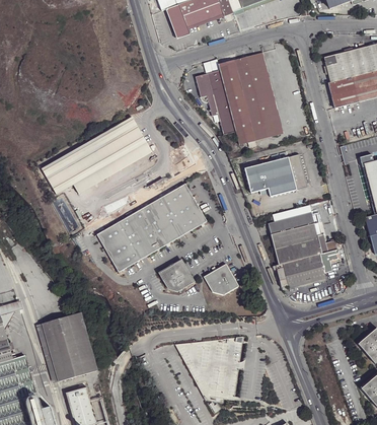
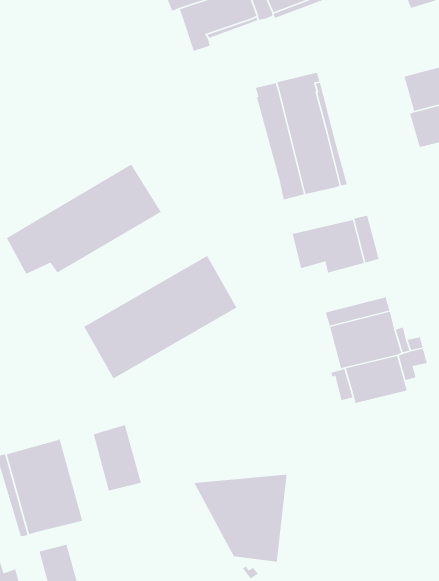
building: [196,71,235,134] -> none
building: [158,259,195,290] -> none
building: [203,263,238,295] -> none
building: none -> [93,424,142,491]

